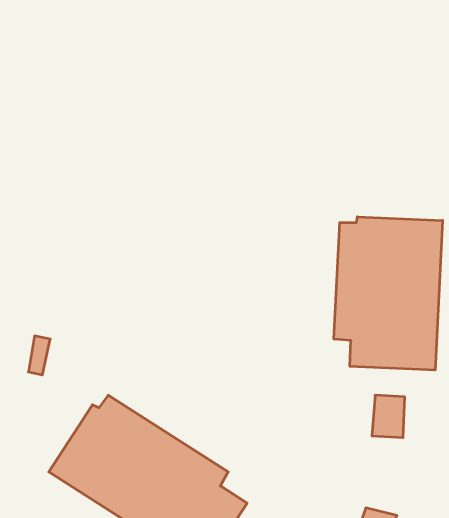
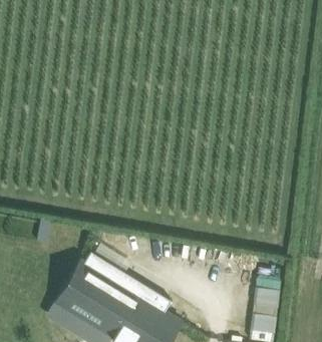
building: [334,217,443,370] -> none

